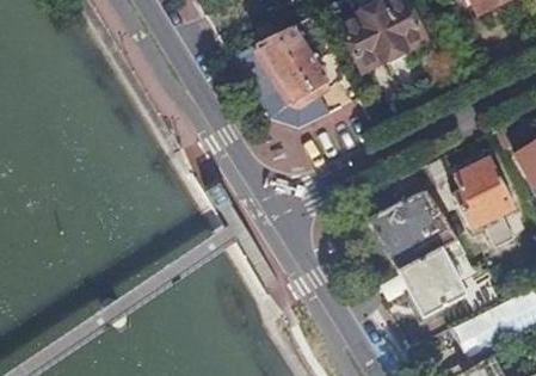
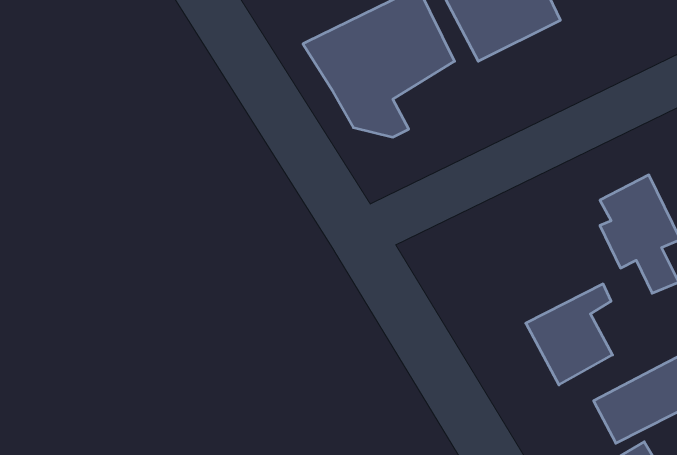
building: [369,190,458,269] -> none

